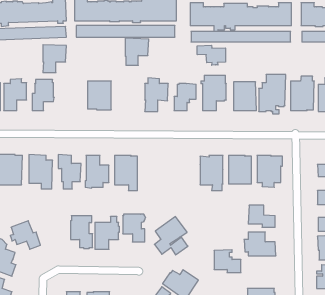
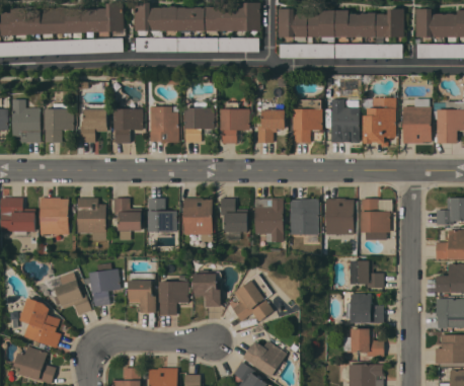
building: [125,38,149,65] -> [185,107,215,141]
building: [43,45,66,73] -> [114,108,144,143]
building: [197,45,225,65] -> none
building: none -> [254,198,284,242]
building: none -> [220,199,247,232]
building: none -> [89,262,121,306]
building: [214,250,241,273] -> [351,328,384,357]

